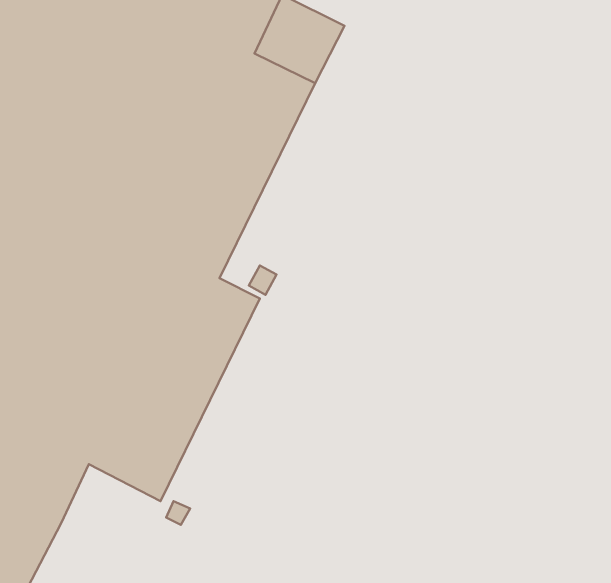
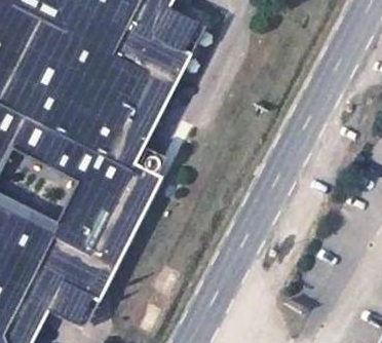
building: none -> [46,268,102,321]

